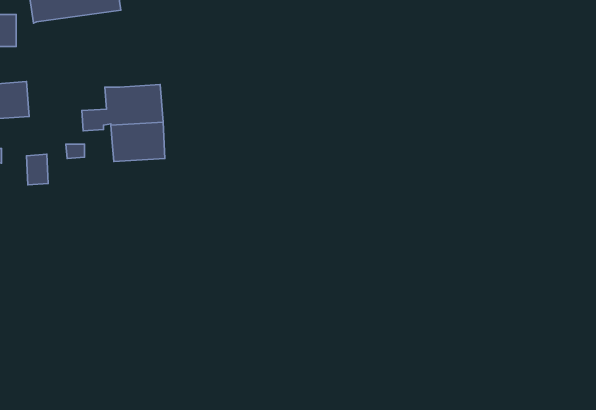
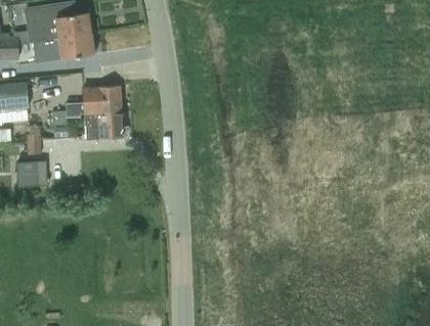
building: none -> [33,33,95,61]
building: none -> [16,162,45,186]

